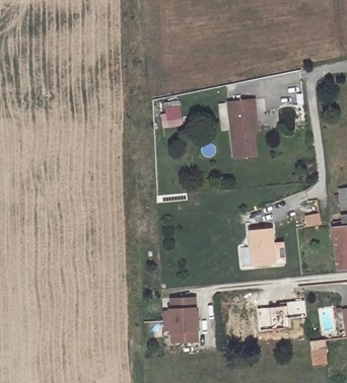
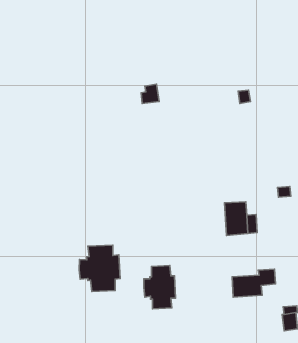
building: [229,100,257,156] -> none
building: none -> [79,245,120,292]

